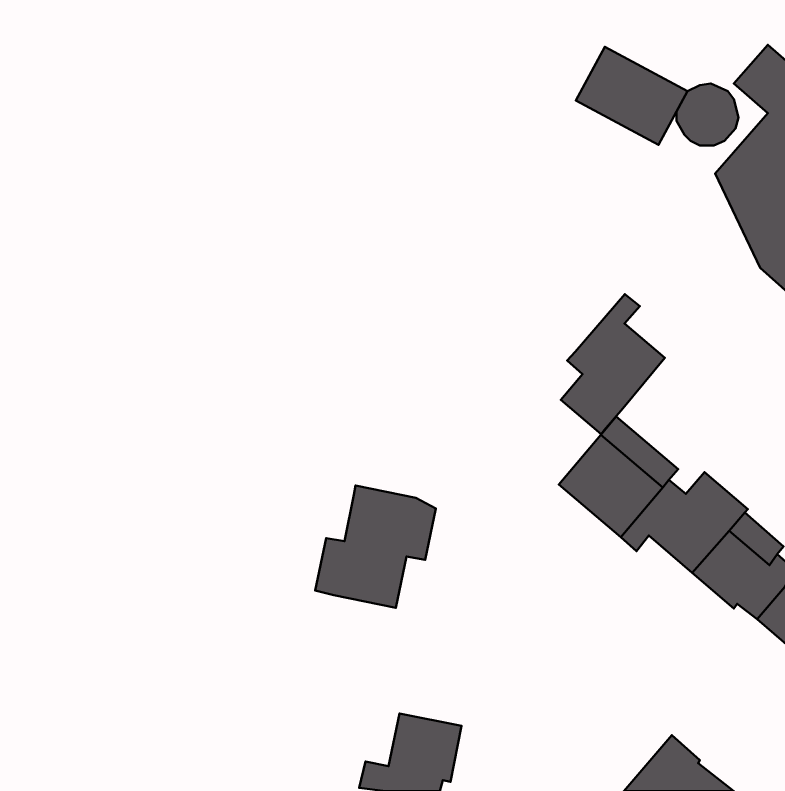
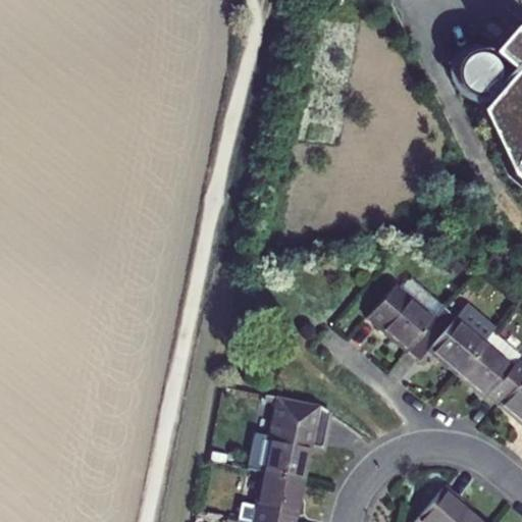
building: [576,47,688,145] -> none
building: [561,294,665,434] -> none
building: [315,485,436,608] -> [255,398,334,478]

